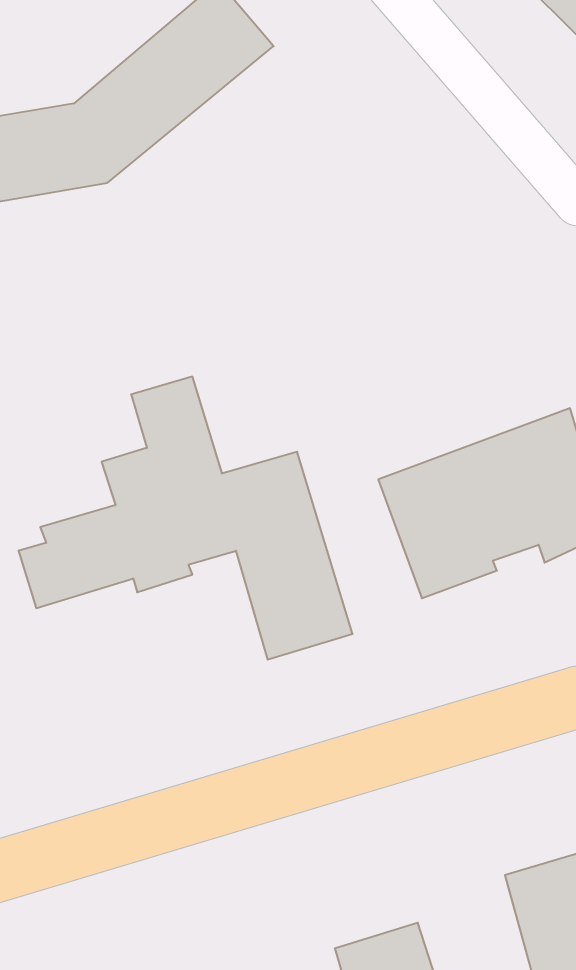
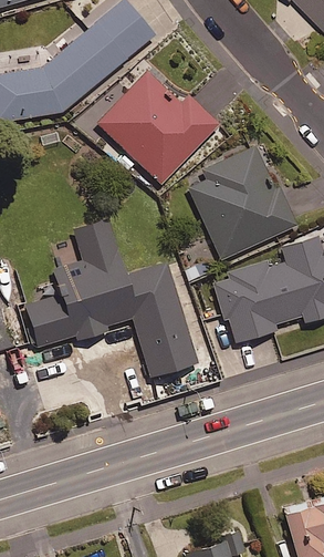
building: none -> [97,71,220,185]
building: none -> [189,145,296,258]

